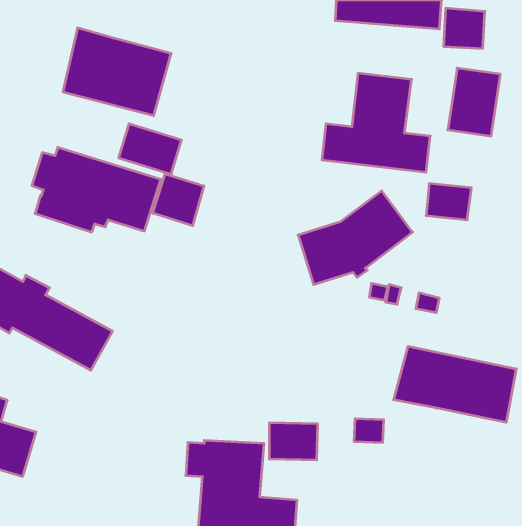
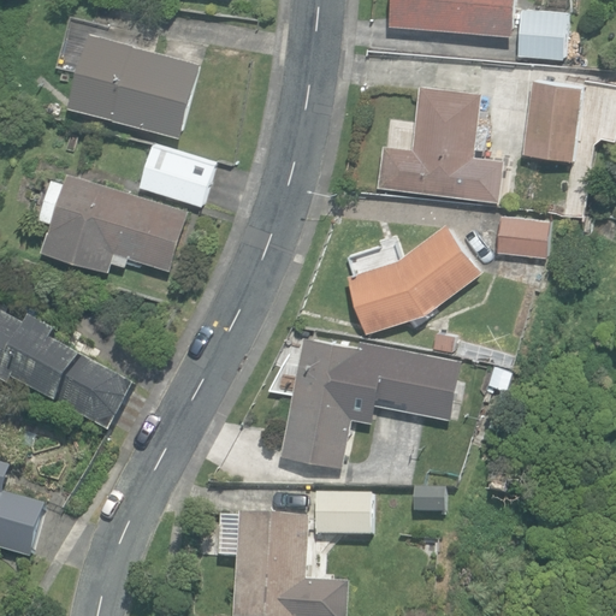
building: [153,174,204,226] -> none
building: none -> [280,334,466,467]
building: [394,346,516,422] -> none

